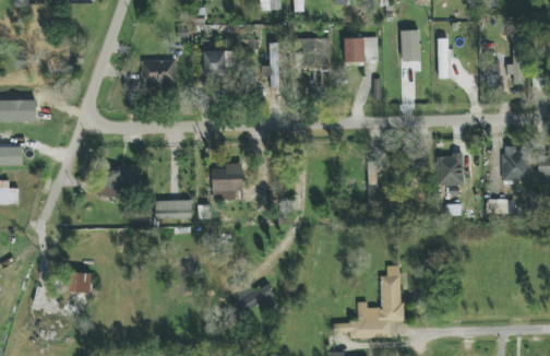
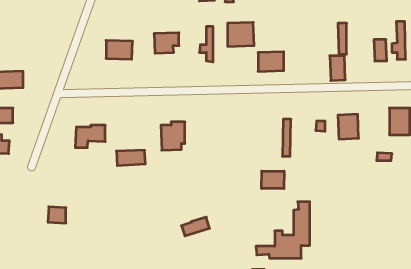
building: [400,29,420,61] -> [330,56,345,81]
building: [345,37,378,62] -> [258,52,284,71]
building: none -> [262,171,284,189]

